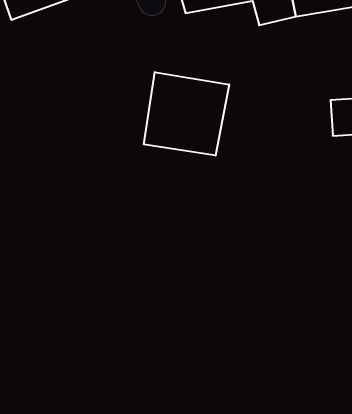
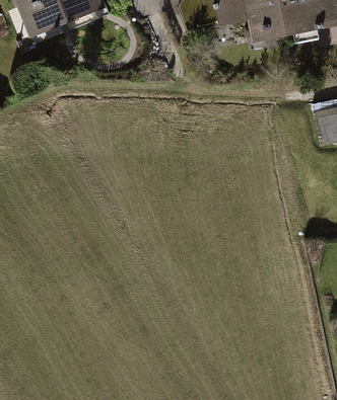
building: [144,72,229,156] -> none

